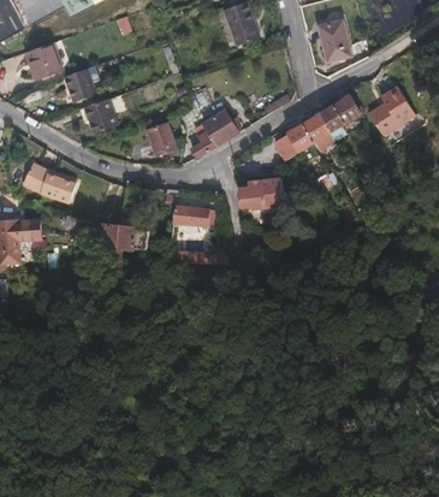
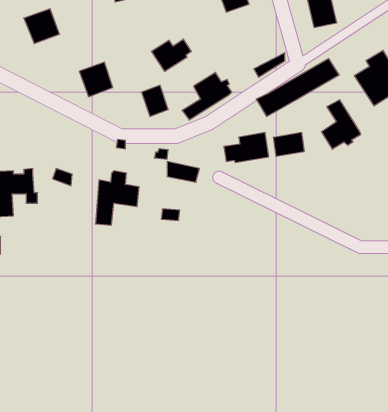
building: [65,69,99,103] -> none
building: none -> [151,39,191,71]
building: none -> [322,100,360,149]
building: [19,159,72,199] -> none
building: none -> [274,132,304,157]

